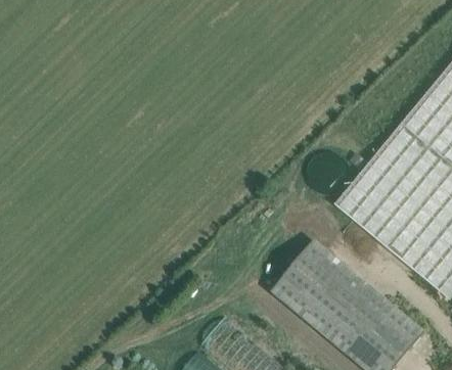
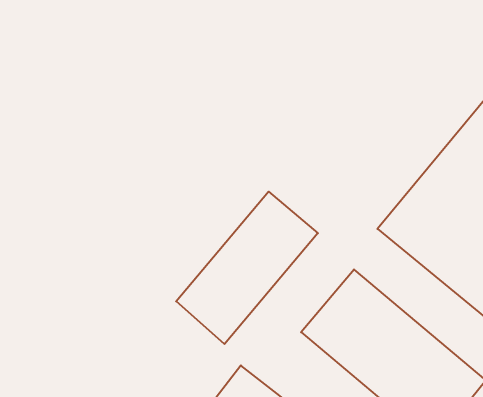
building: none -> [176,192,318,344]

